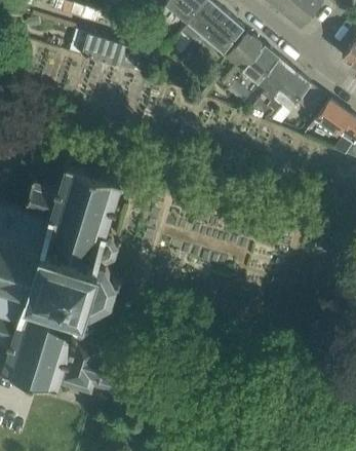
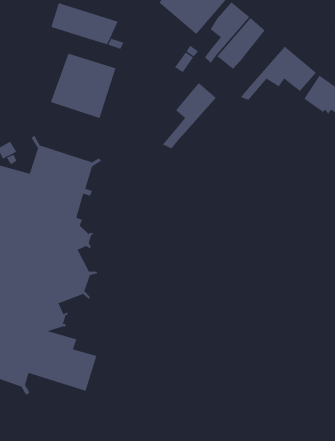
building: [246,61,296,122] -> [162,82,216,149]
building: none -> [50,53,116,119]

